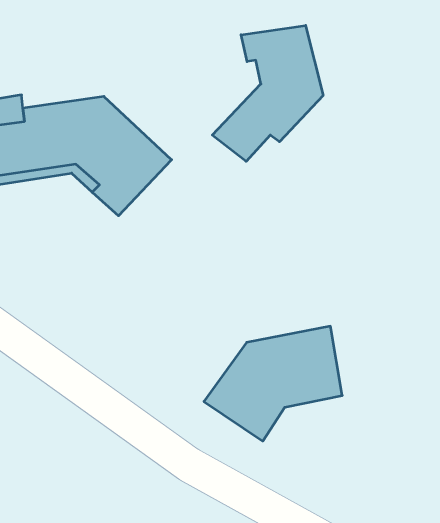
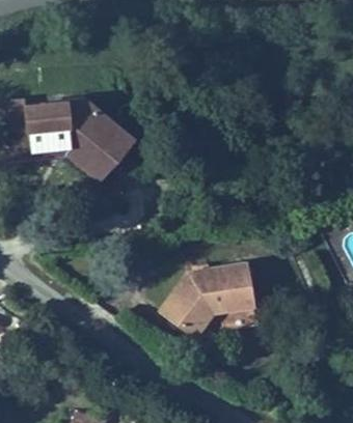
building: [212,25,323,161] -> none

